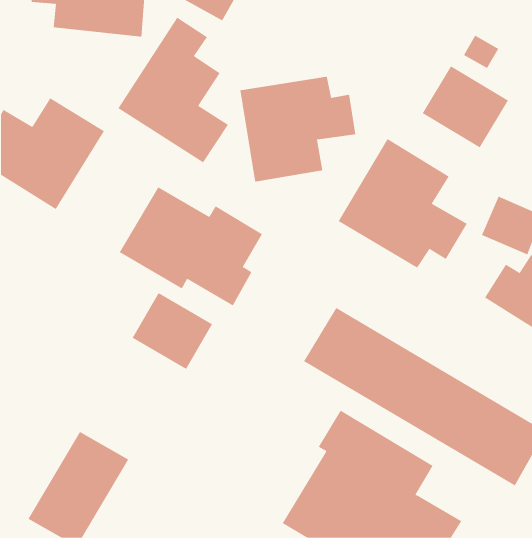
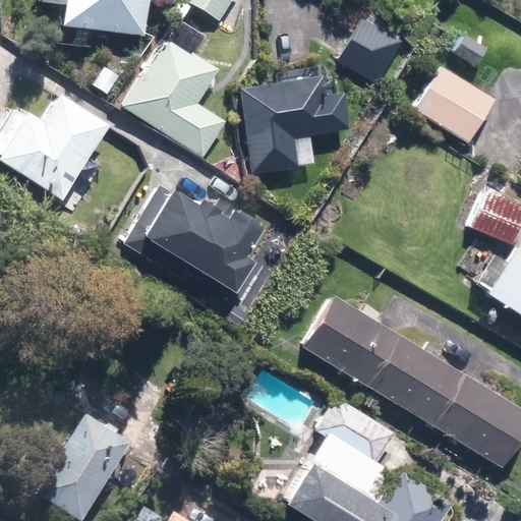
building: none -> [339,18,404,82]
building: [338,138,467,269] -> none
building: [132,292,213,370] -> none

